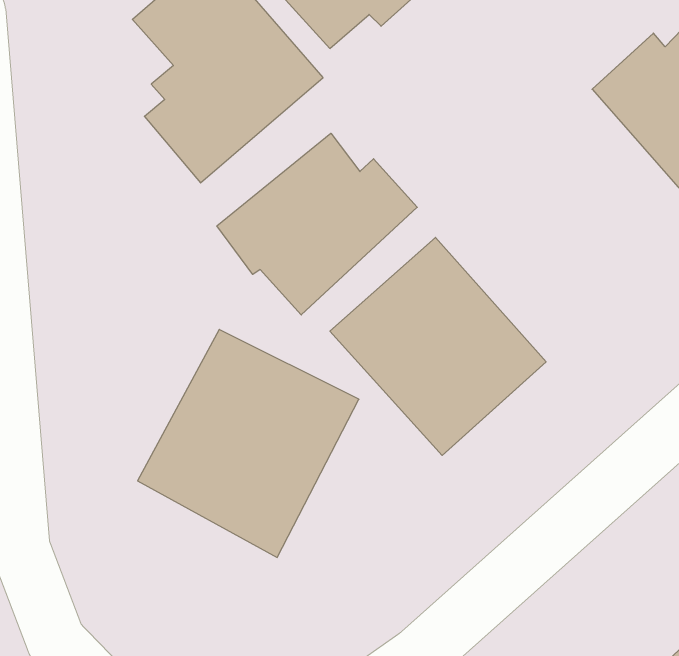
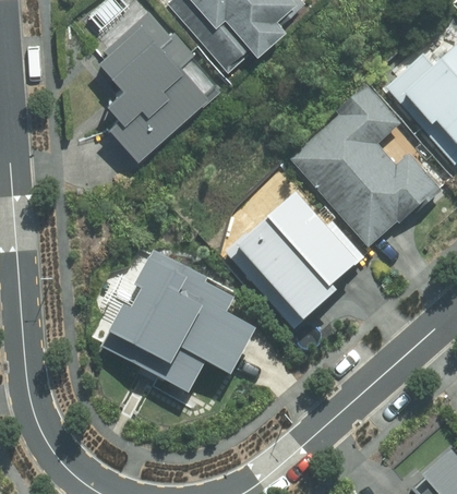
building: none -> [288,96,435,243]
building: [217,133,417,315] -> none

